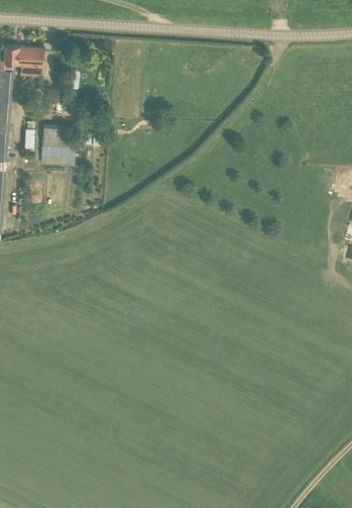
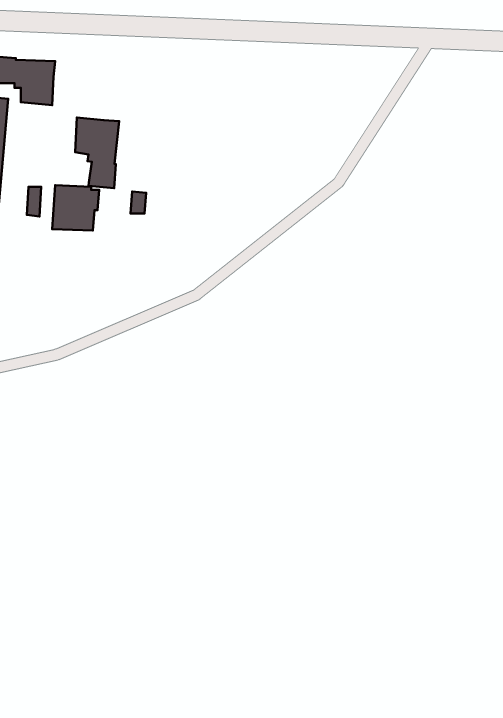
building: none -> [75,118,119,188]

